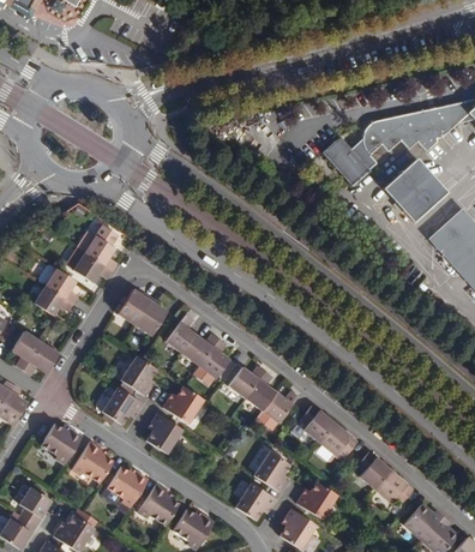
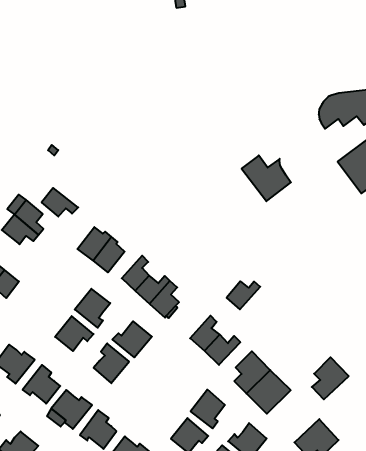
building: [319,140,373,188] -> [242,155,291,201]
building: [77,222,118,269] -> none
building: [230,365,265,396] -> [227,281,260,309]
building: [354,450,392,496] -> [312,357,349,399]

